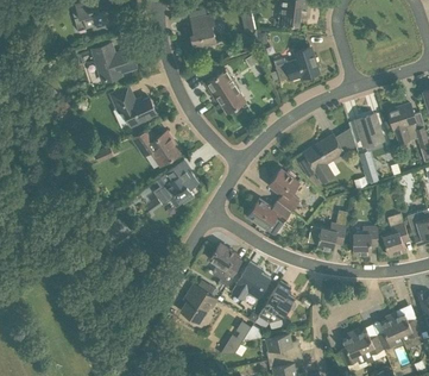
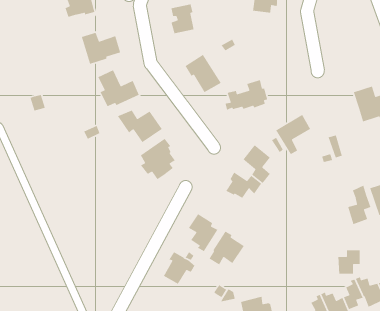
building: [271,46,318,81] -> [224,79,268,111]
building: [357,114,383,145] -> none
building: [317,223,347,251] -> none
building: [353,226,378,253] -> [337,250,360,275]
building: [254,281,295,328] -> none

